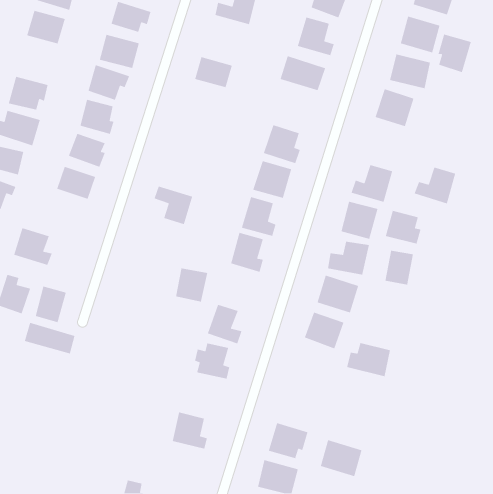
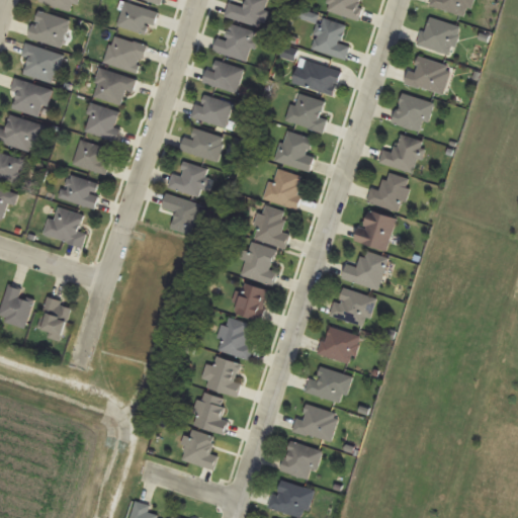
building: none -> [211,23,256,61]
building: [437,33,472,73] -> none
building: none -> [21,44,61,82]
building: none -> [191,92,232,127]
building: none -> [286,92,326,134]
building: none -> [181,126,224,161]
building: none -> [168,161,208,196]
building: [414,167,456,204] -> [377,134,422,173]
building: [385,210,421,245] -> none
building: [13,227,53,266] -> [45,205,86,246]
building: [384,250,414,285] -> none
building: [175,268,208,303] -> [233,283,267,320]
building: [24,322,76,354] -> none
building: [346,342,391,377] -> [304,366,350,403]
building: none -> [191,392,227,432]
building: [320,439,363,477] -> [293,403,338,442]

